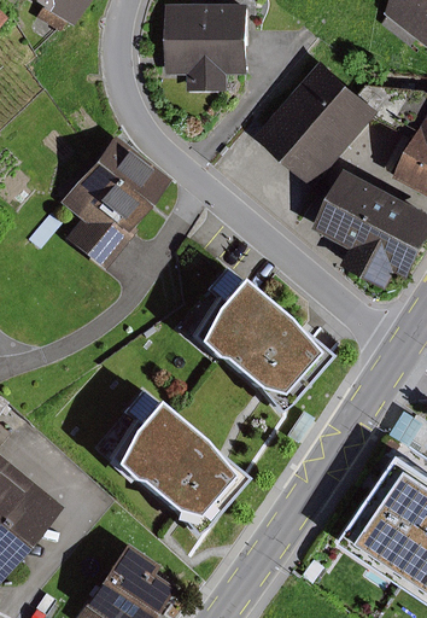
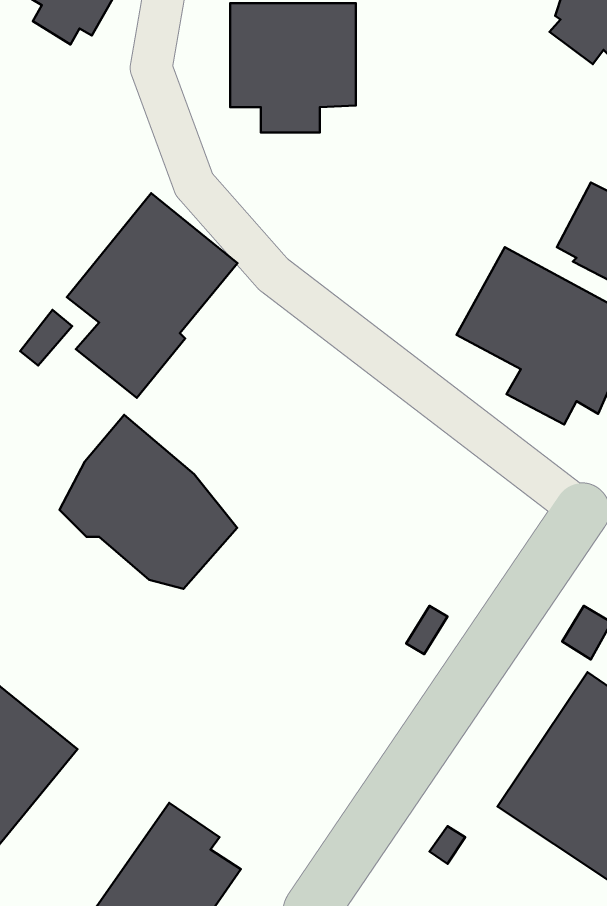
building: [258,59,385,188] -> none
building: [203,276,322,393] -> none
building: [118,400,238,517] -> [60,415,237,589]

